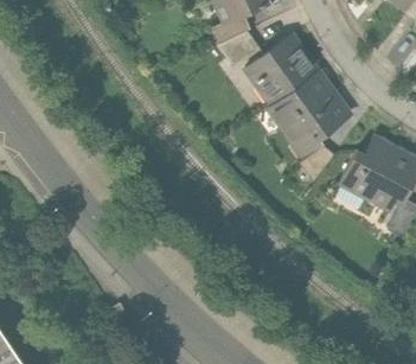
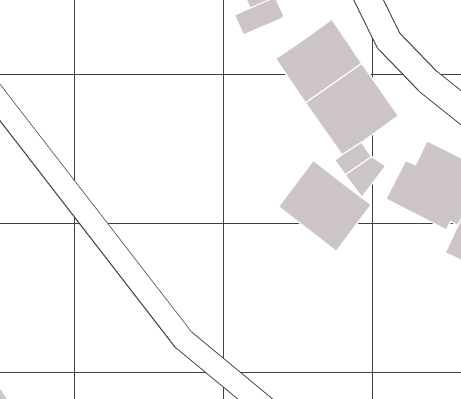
building: [216,31,262,69] -> none
building: none -> [278,160,371,251]

